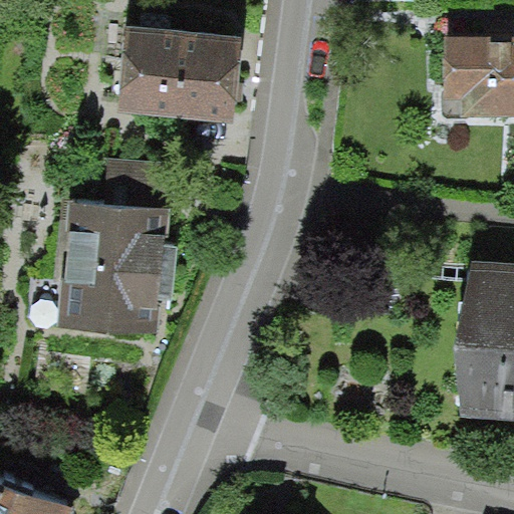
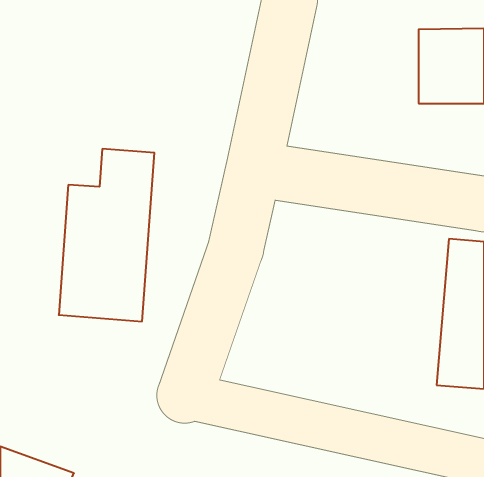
building: [121,22,253,122] -> none

